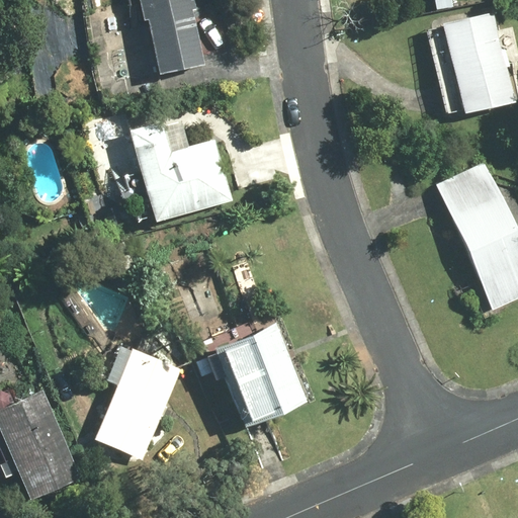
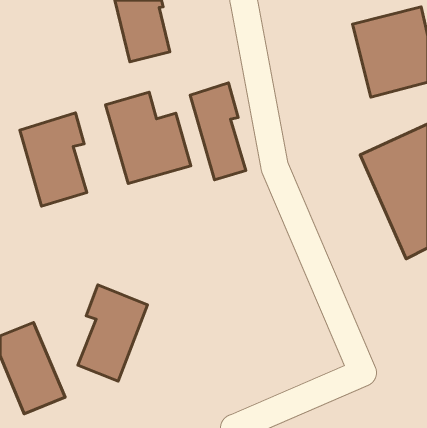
building: none -> [190,83,246,180]
building: none -> [20,113,87,206]
building: [213,322,310,429] -> none

